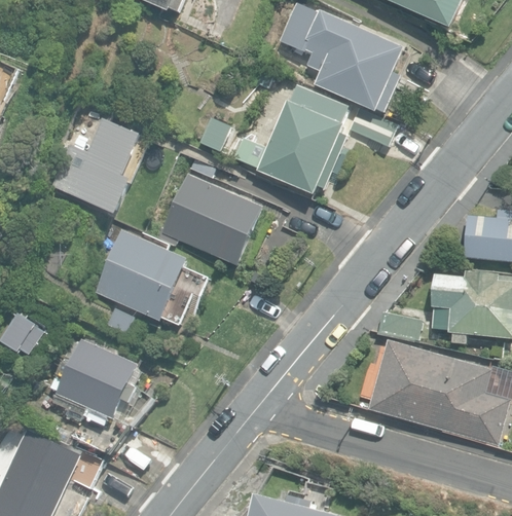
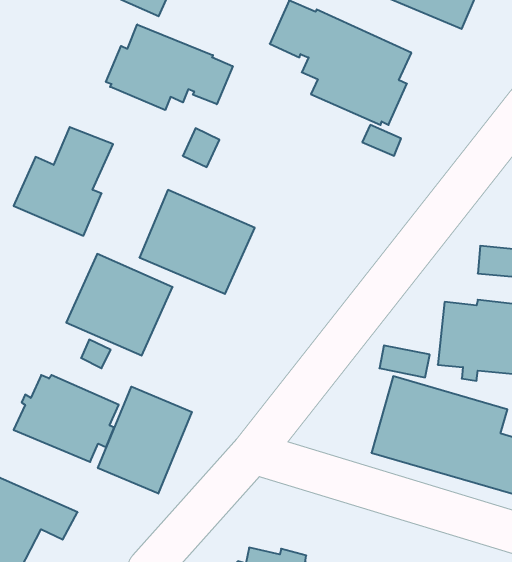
building: none -> [106,24,233,110]
building: [235,82,348,193] -> none
building: none -> [98,387,192,494]

